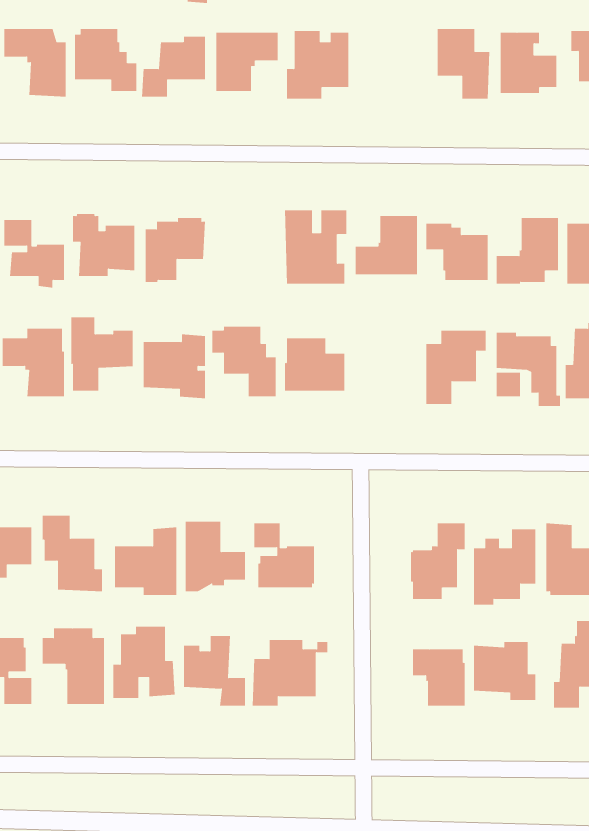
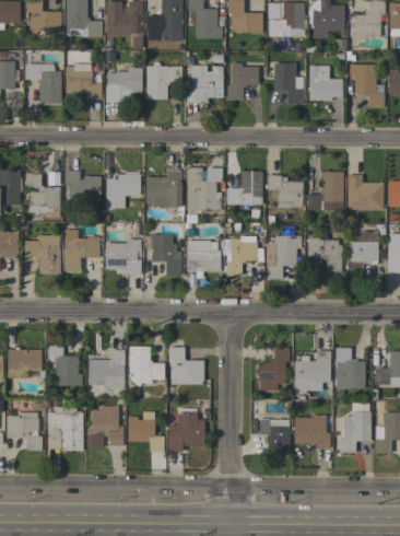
building: none -> [227,63,258,100]
building: none -> [145,171,183,208]
building: none -> [225,235,257,276]

